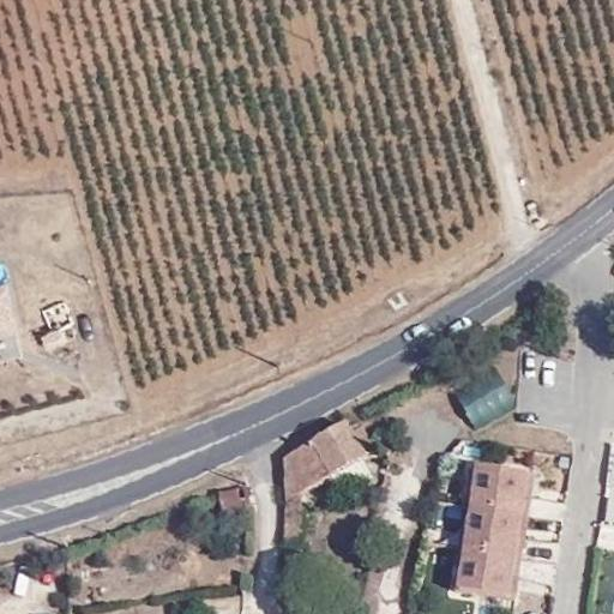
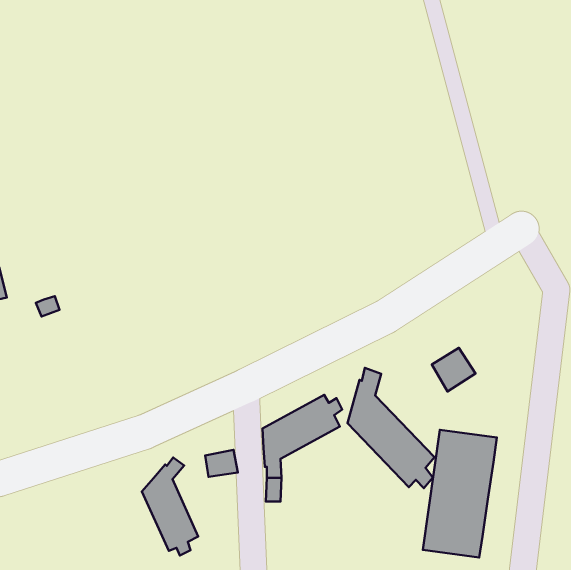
building: none -> [347,368,434,488]
building: none -> [142,457,198,555]

